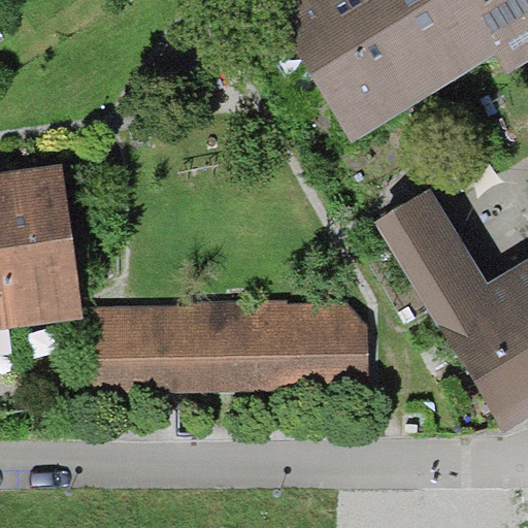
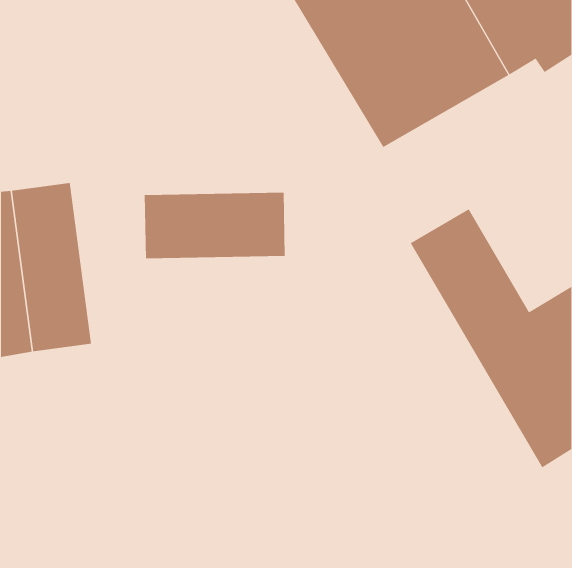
building: none -> [144,192,285,259]
building: [93,302,371,386] -> none

